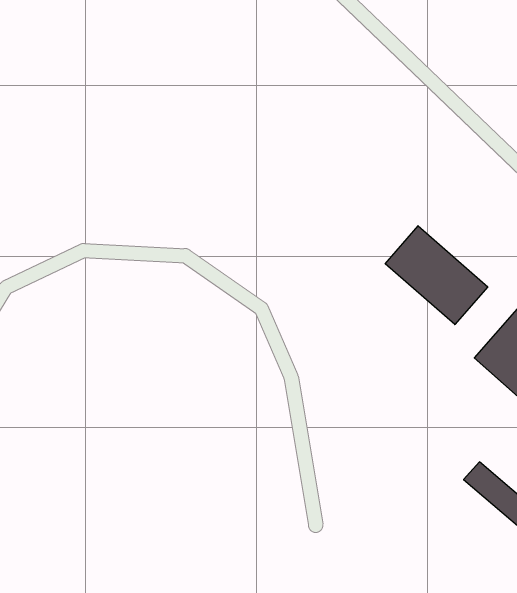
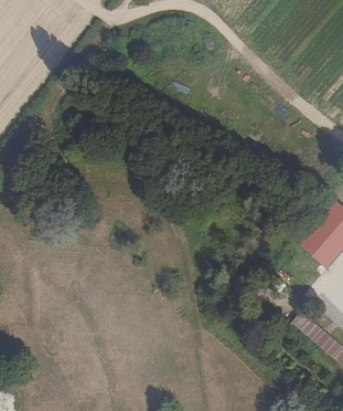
building: [385,226,488,325] -> none

